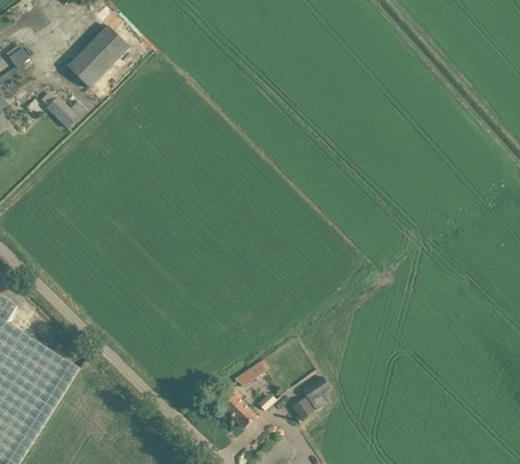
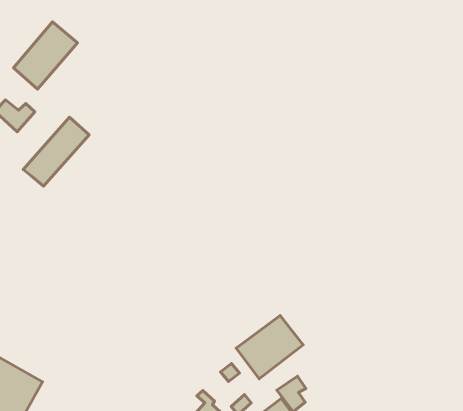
building: none -> [23,117,89,186]
building: none -> [236,315,303,379]

